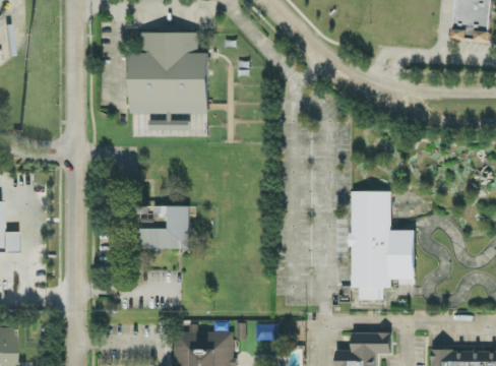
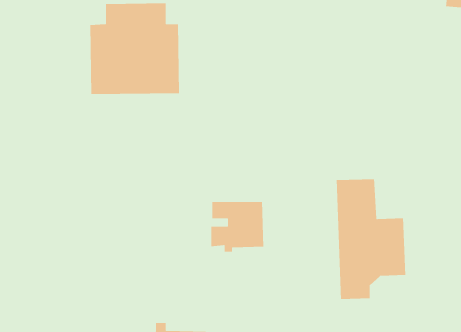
building: [140,205,189,252] -> [211,201,264,253]

